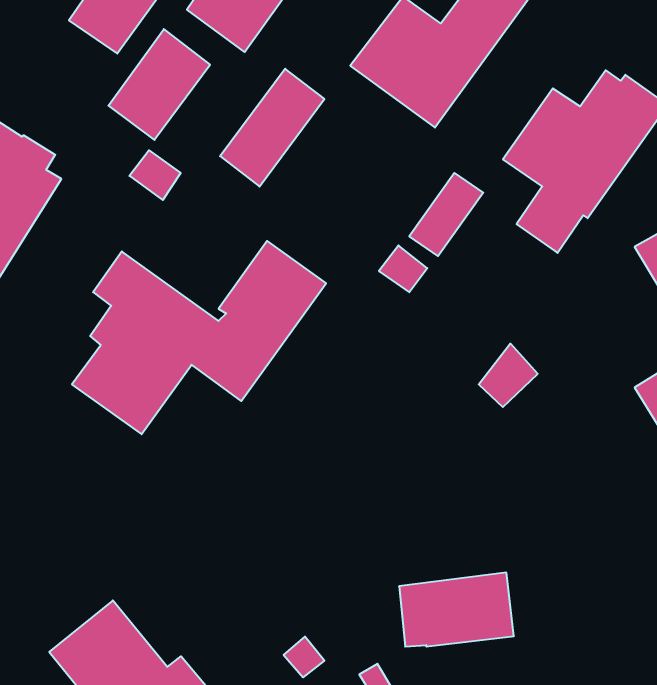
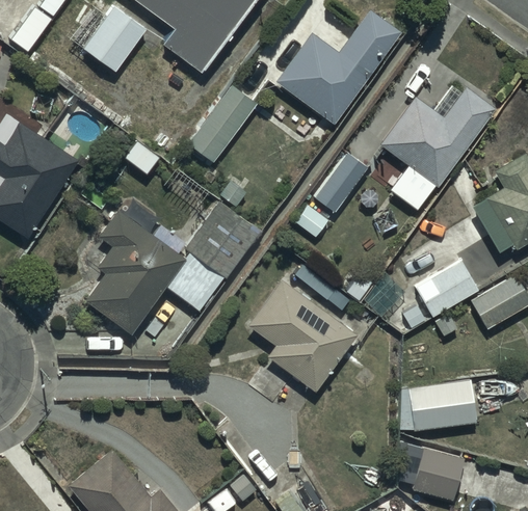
building: [108,29,210,140] -> none
building: none -> [416,261,479,317]
building: none -> [247,279,357,392]
building: [399,573,514,647] -> [396,380,475,431]
building: none -> [413,448,464,501]

